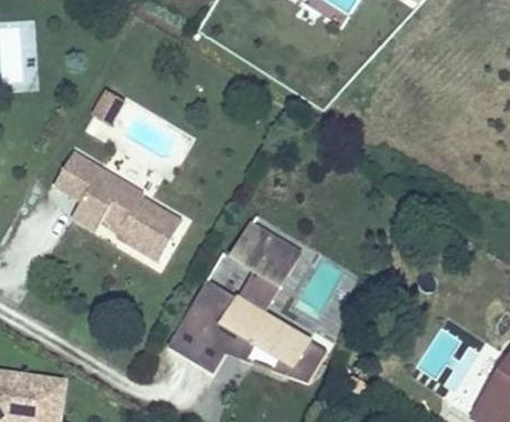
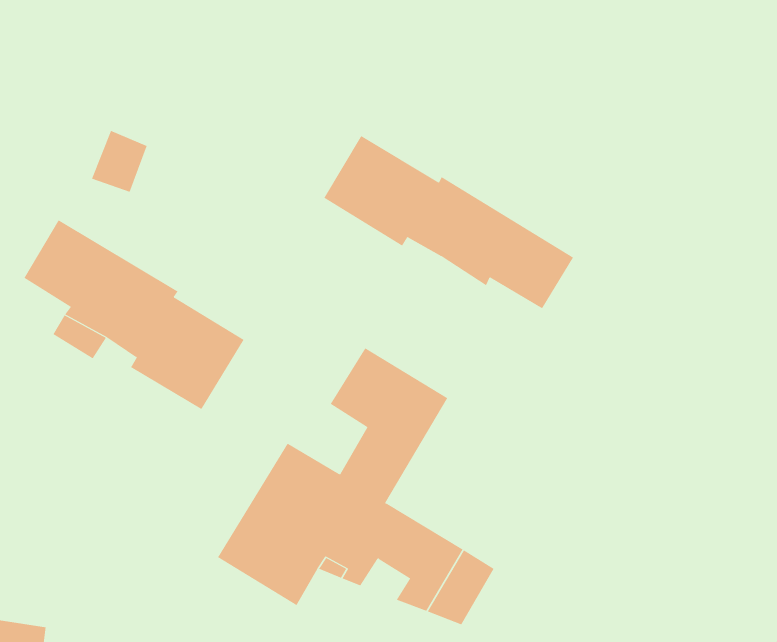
building: none -> [324,135,574,309]

